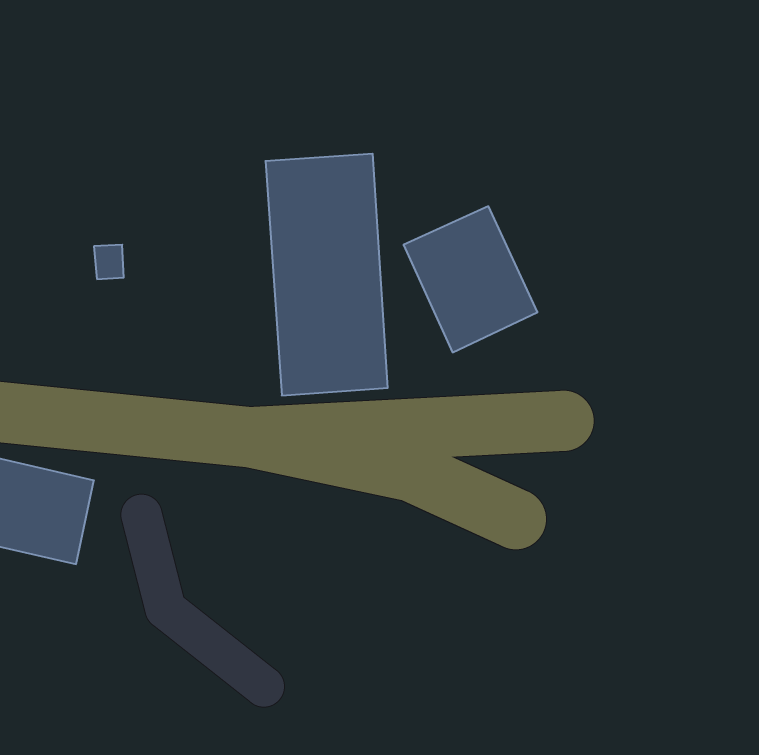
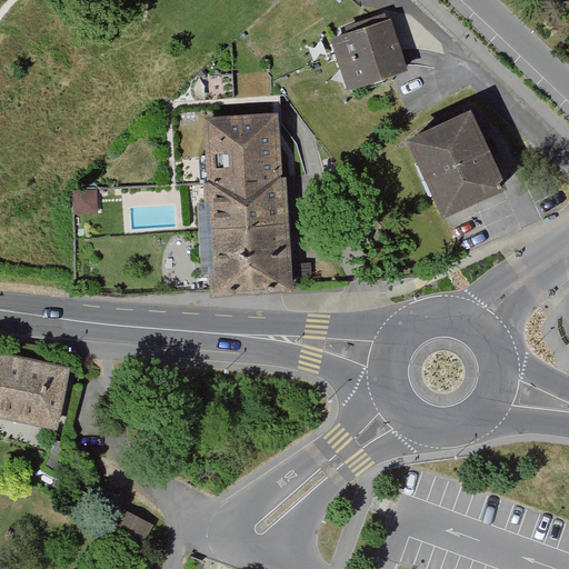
building: none -> [332,17,407,88]
building: [403,206,538,352] -> [413,114,513,223]

